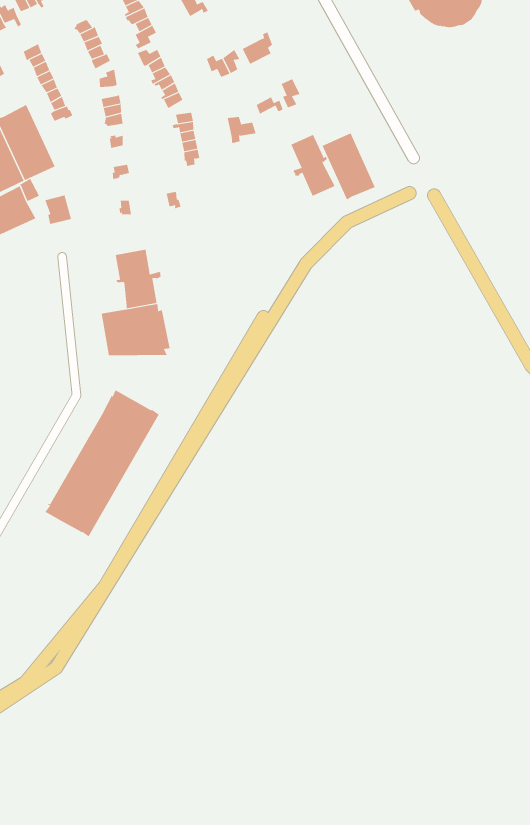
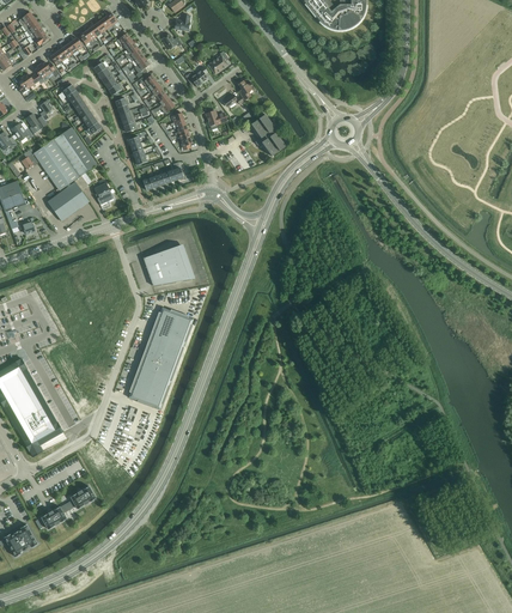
building: [322,133,376,201] -> none
building: [115,249,162,309] -> none

